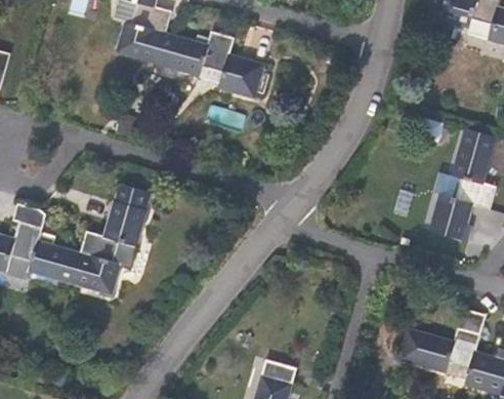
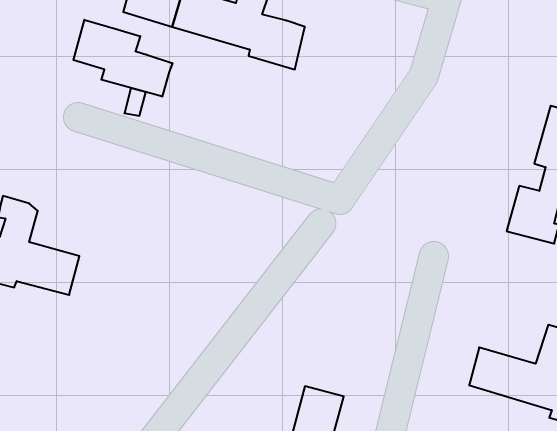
building: none -> [73,20,172,97]
building: [72,184,152,295] -> none

